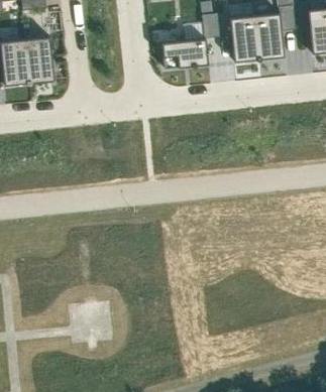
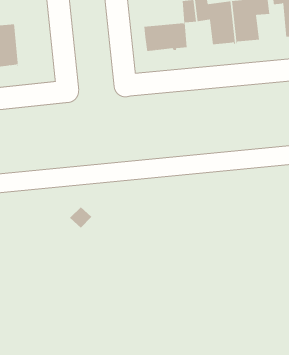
building: [25,35,55,84] -> none

